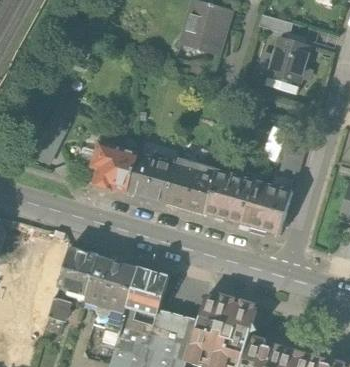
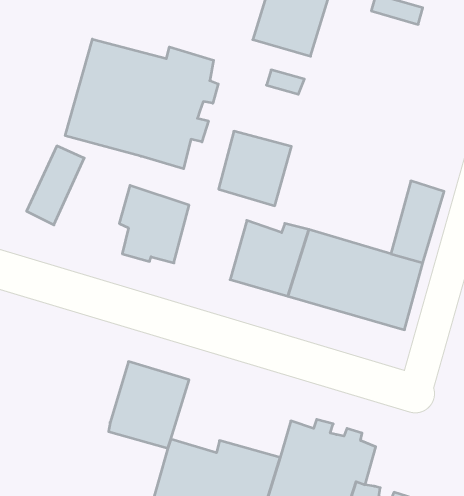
building: [264,36,310,94] -> none
building: none -> [65,39,218,169]
building: [128,153,176,202] -> [219,131,291,206]
building: [48,248,98,322] -> none
building: [126,268,168,316] -> none

